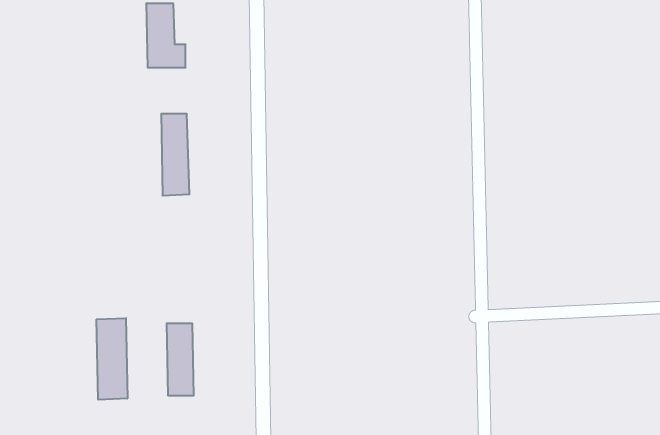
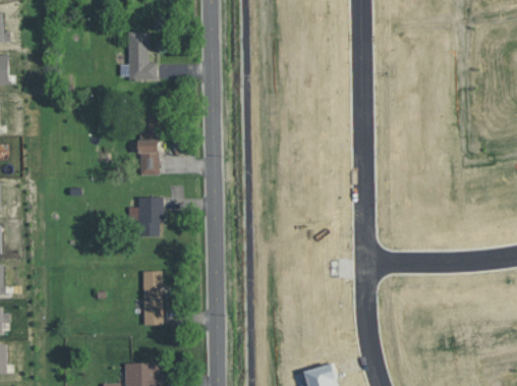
building: none -> [128,198,164,237]
building: [97,318,127,400] -> none

